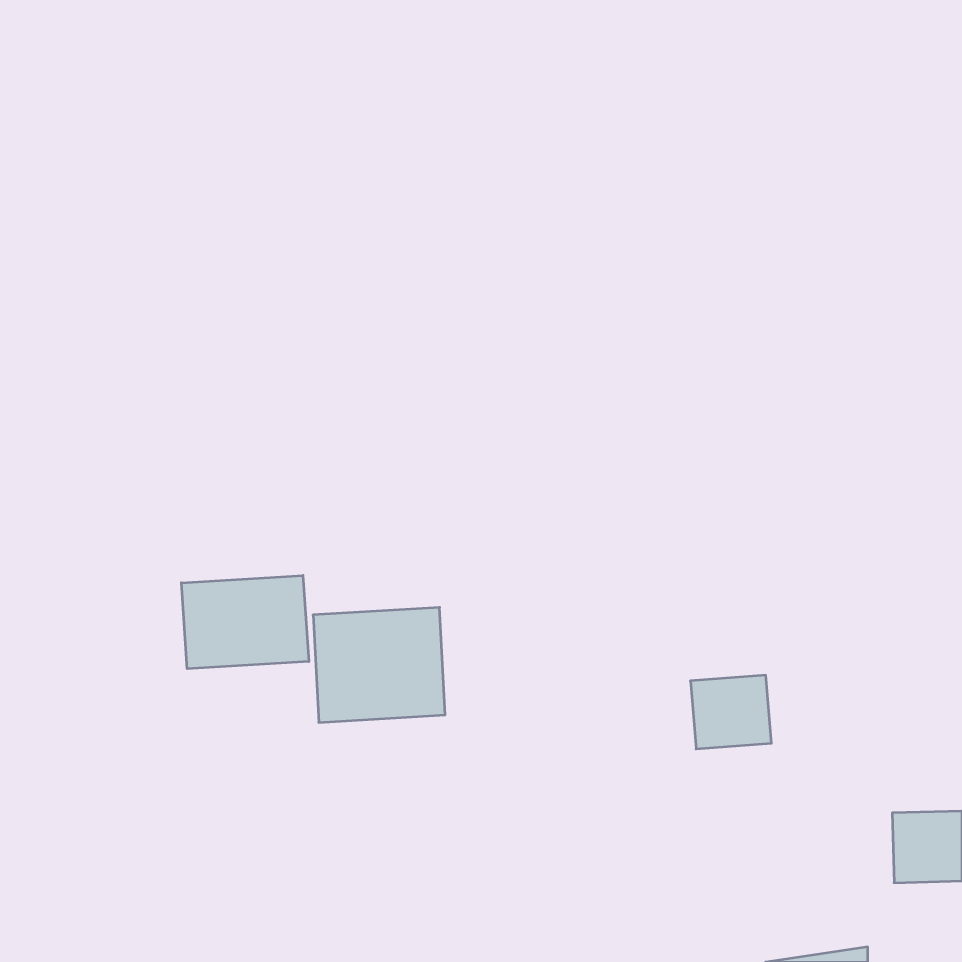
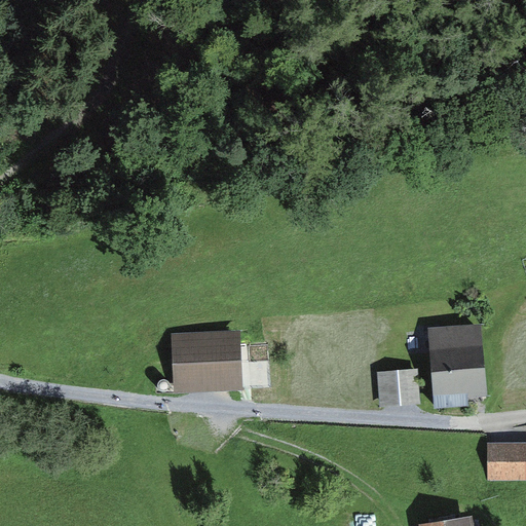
building: [181,575,309,669] -> none
building: none -> [427,324,486,408]

